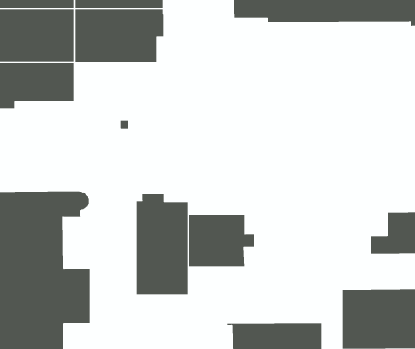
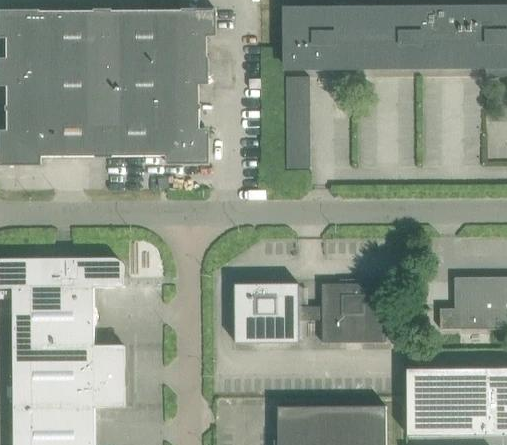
building: none -> [285,77,309,168]
building: none -> [106,113,208,164]
building: [136,193,188,295] -> none
building: none -> [309,283,384,343]

